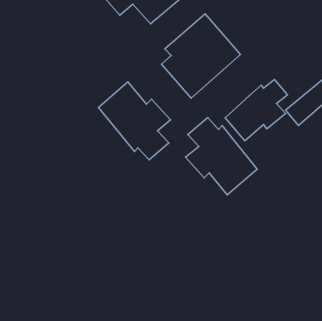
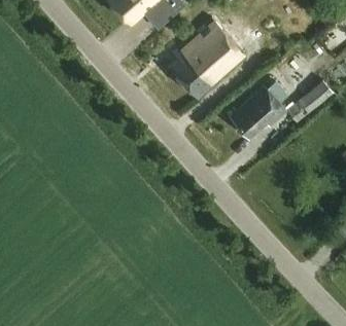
building: [98,82,170,160] -> none
building: [186,118,257,195] -> none

